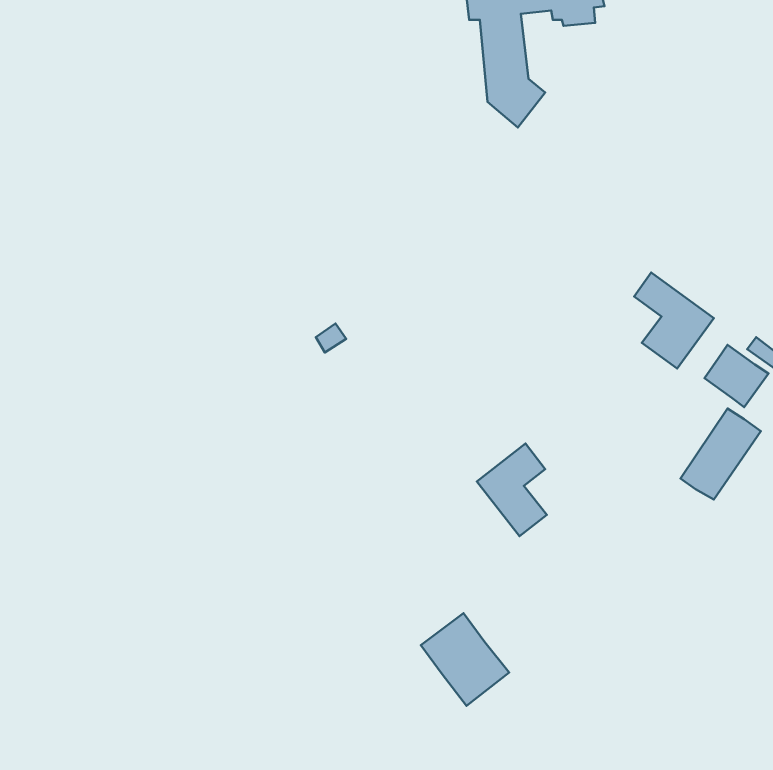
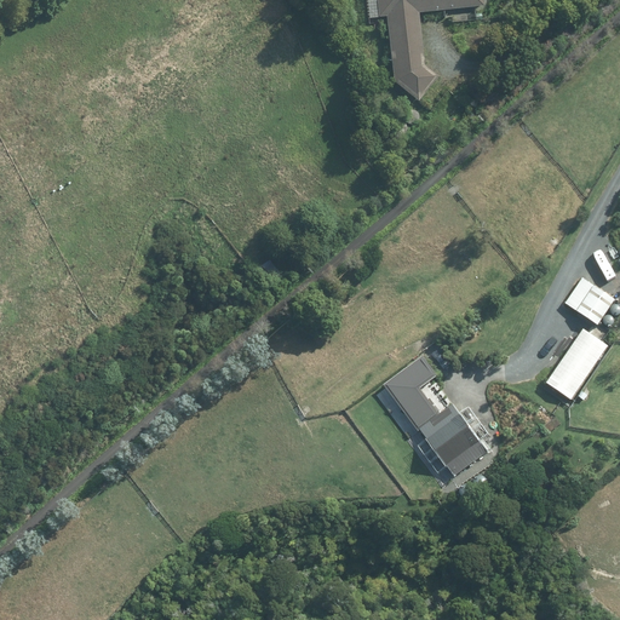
building: [634,273,714,369] -> none
building: [421,613,509,706] -> [418,403,488,477]

